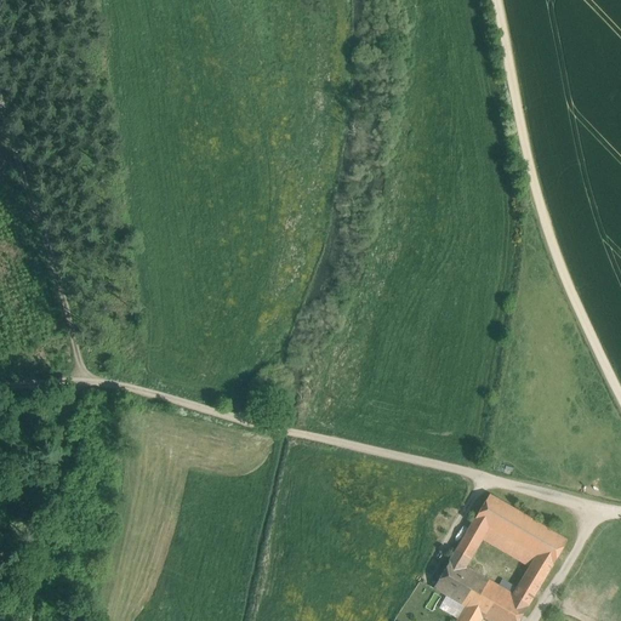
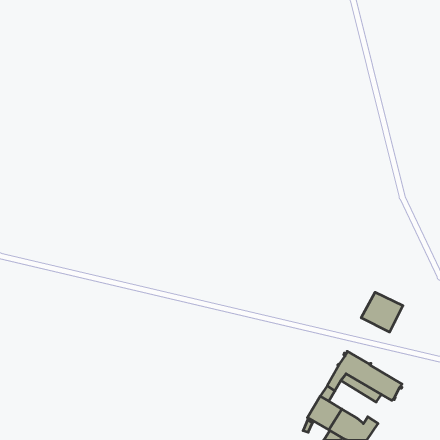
building: none -> [361,292,403,332]
building: [518,556,552,597] -> none

